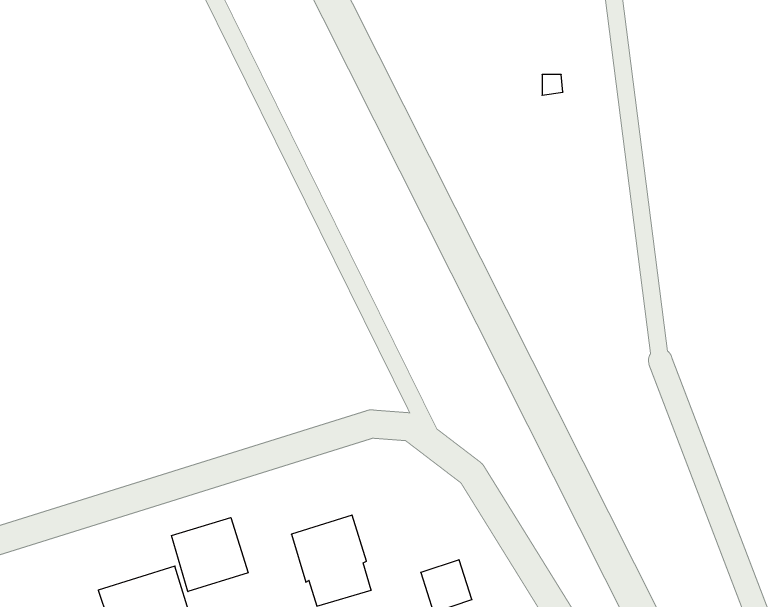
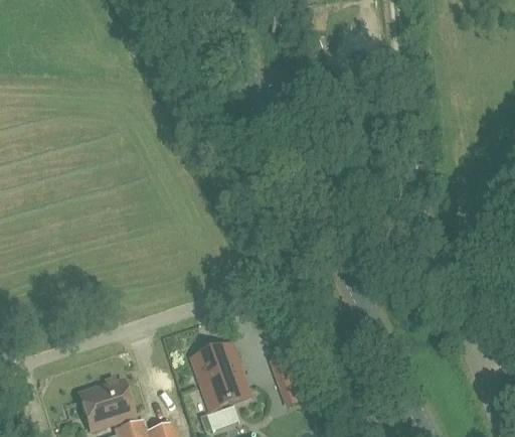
building: [171,518,248,592] -> none

